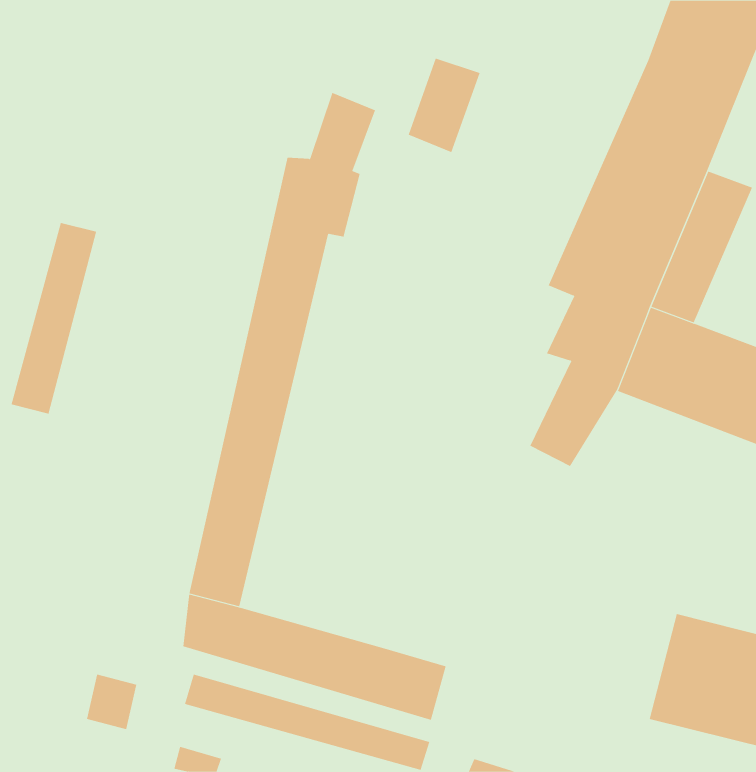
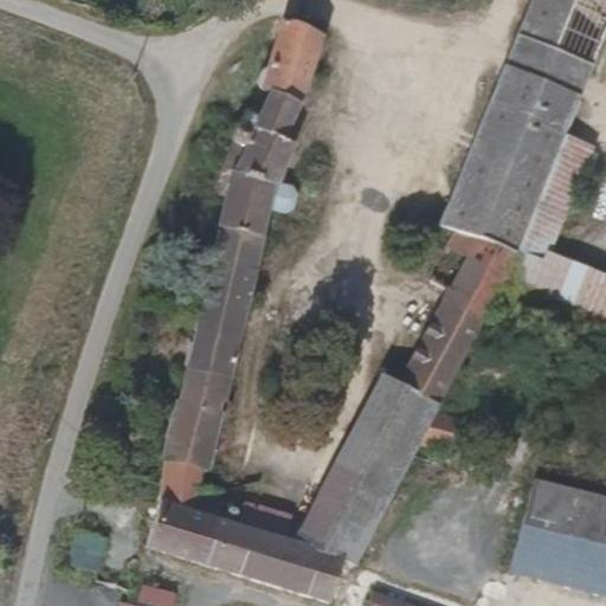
building: [408,58,480,153] -> [272,12,329,86]
building: [11,222,97,415] -> none
building: none -> [314,341,459,524]

